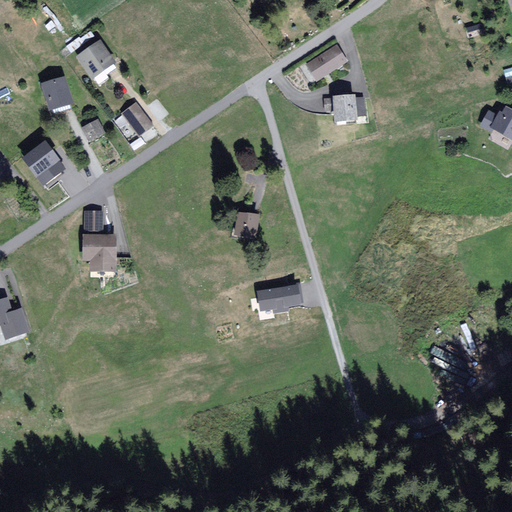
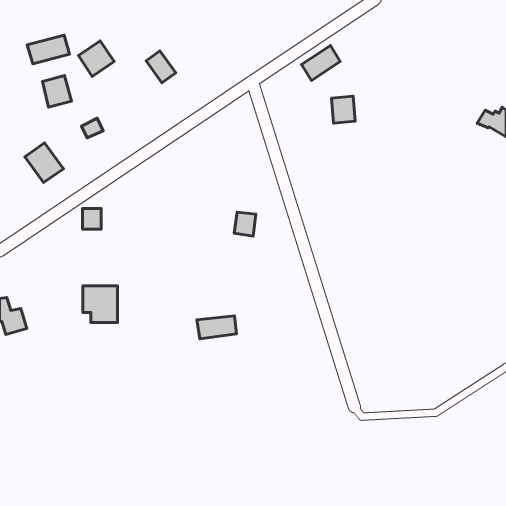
building: none -> [27,35,70,64]
building: [121,103,151,135] -> [146,51,176,83]
building: [83,235,118,272] -> [83,286,118,323]
building: [258,287,298,310] -> [197,316,237,339]

